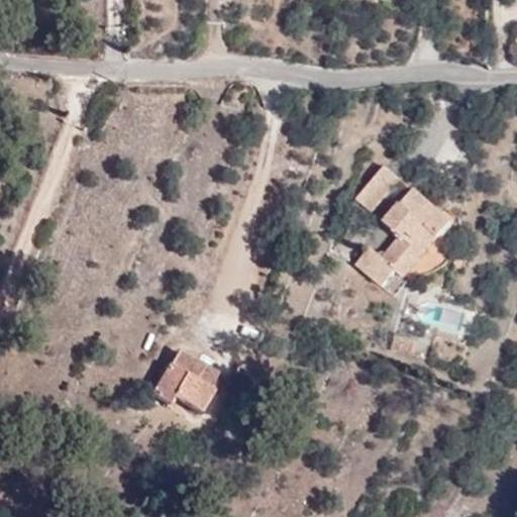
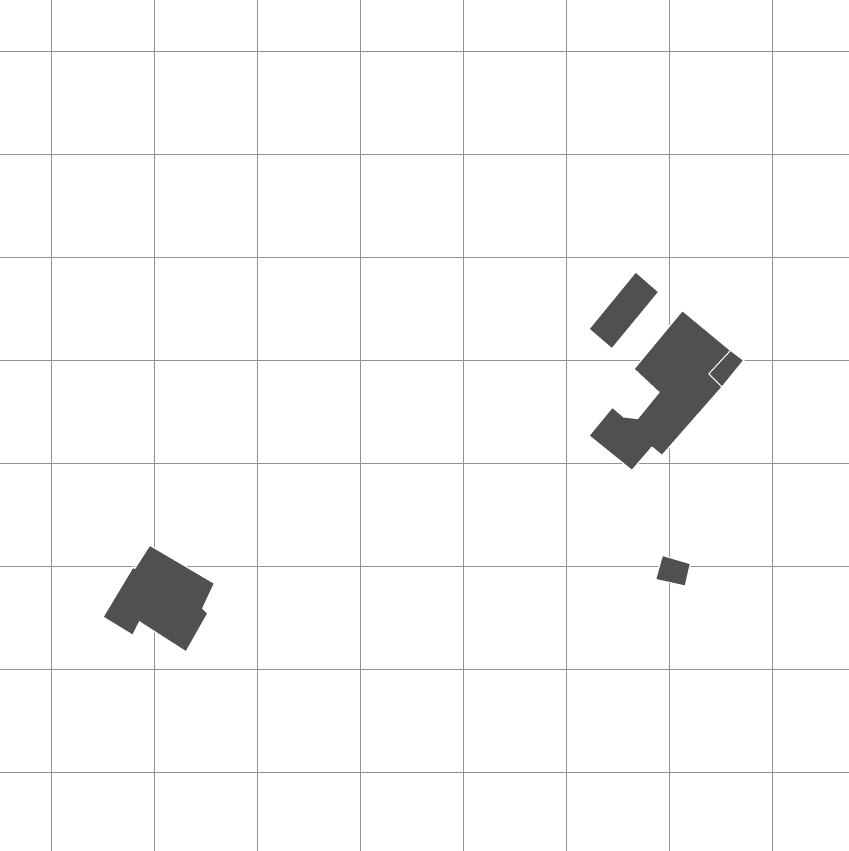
building: [149,349,217,414] -> [103,545,215,652]

